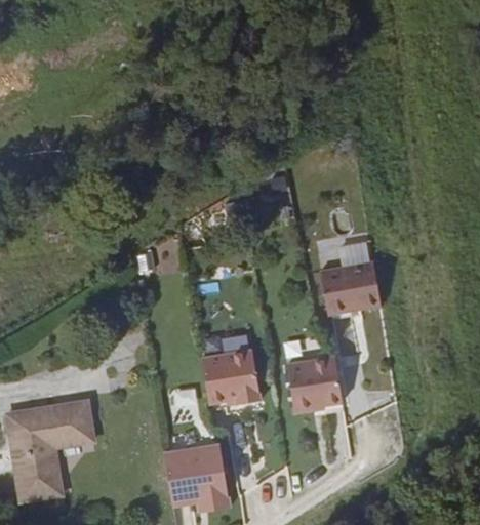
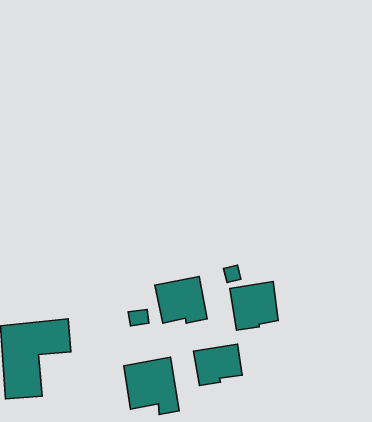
building: [317,260,383,318] -> none
building: none -> [194,344,242,385]

